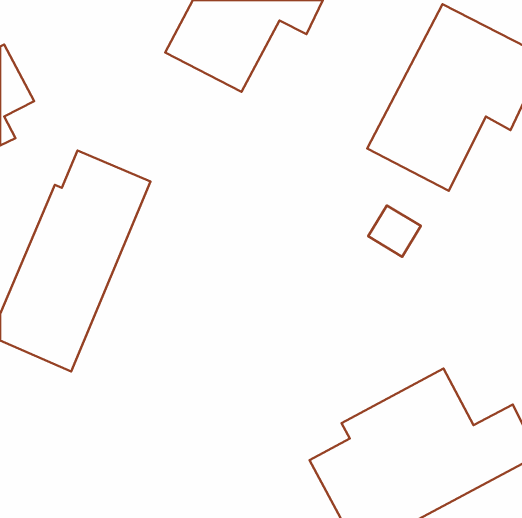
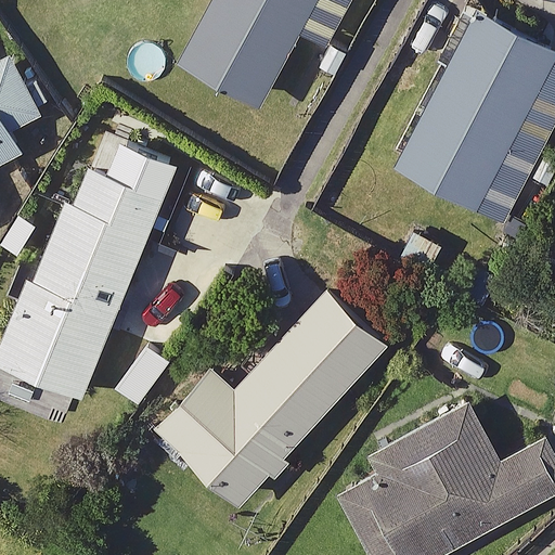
building: none -> [155,295,385,505]

